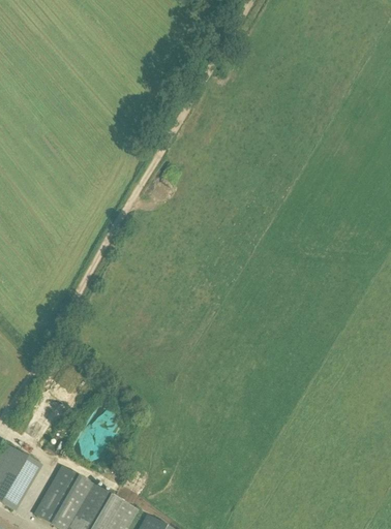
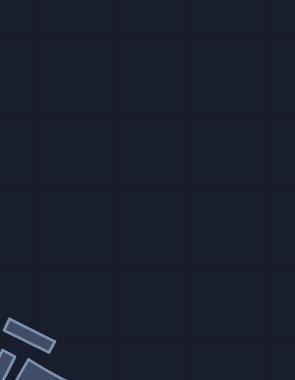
building: none -> [4,319,55,352]

